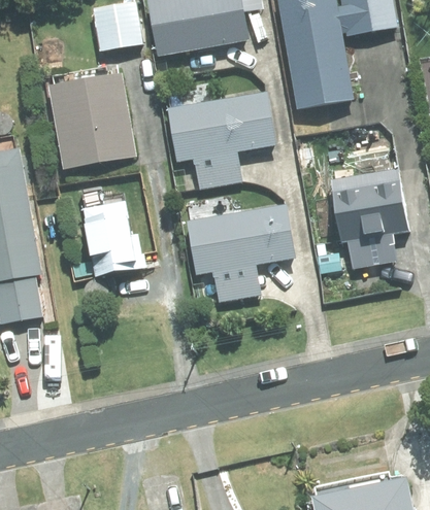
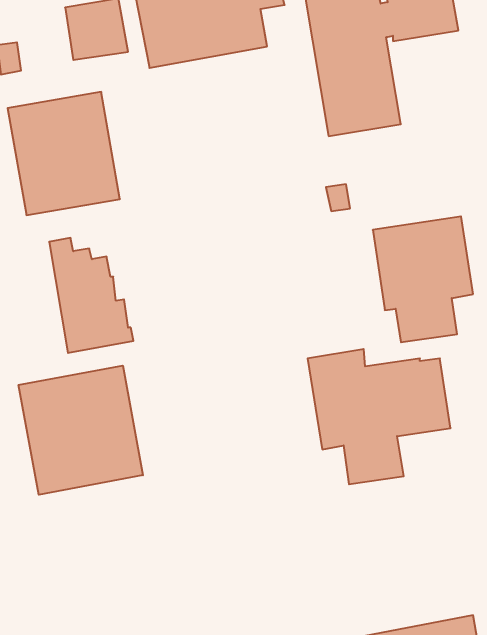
building: [169,93,274,188] -> none
building: [185,197,295,301] -> [308,349,451,484]
building: none -> [19,366,143,495]

